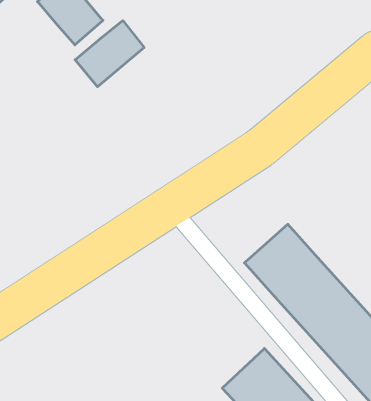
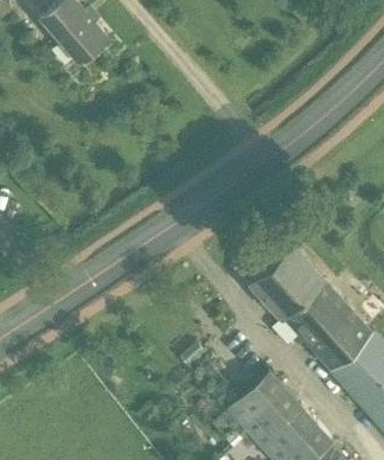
building: [75,21,144,87] -> none

